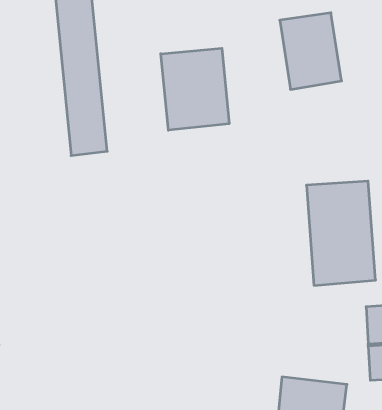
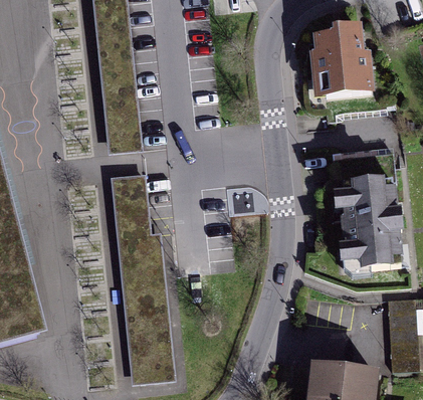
building: [161,48,229,130] -> none
building: none -> [111,172,177,383]

